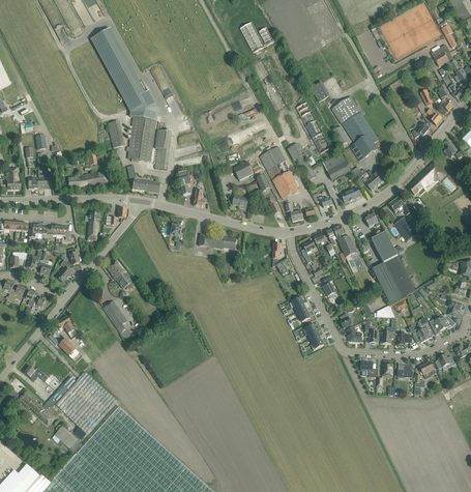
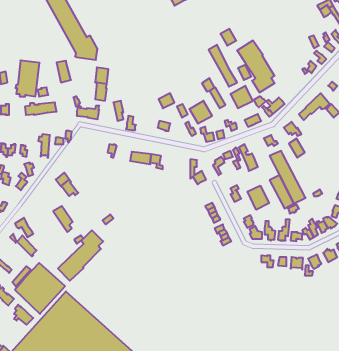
building: [126,117,156,162] -> [15,60,40,96]
building: [260,146,287,181] -> none
building: none -> [248,186,269,210]
building: none -> [58,230,103,281]

